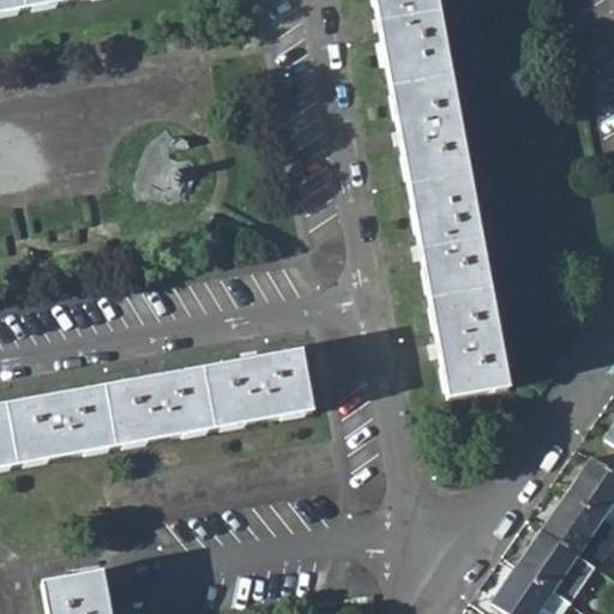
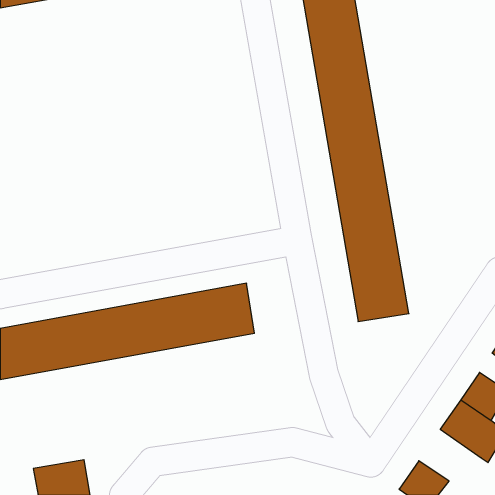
building: [519,525,596,598] -> none

